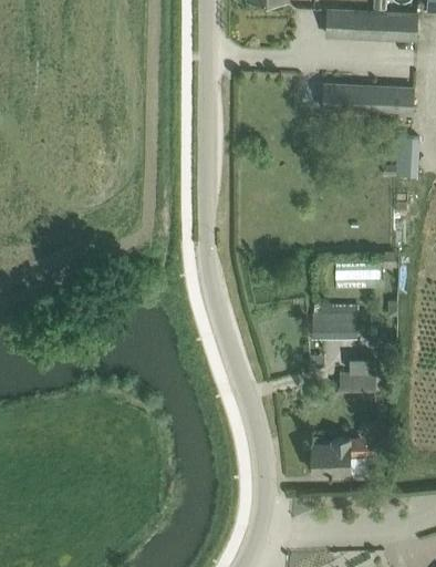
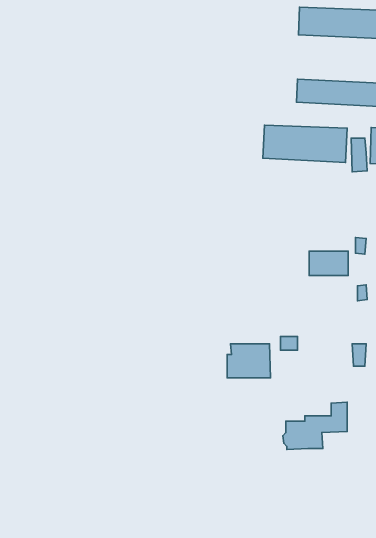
building: none -> [263,125,347,163]
building: [313,303,359,339] -> [227,344,270,378]
building: [341,359,376,391] -> none

